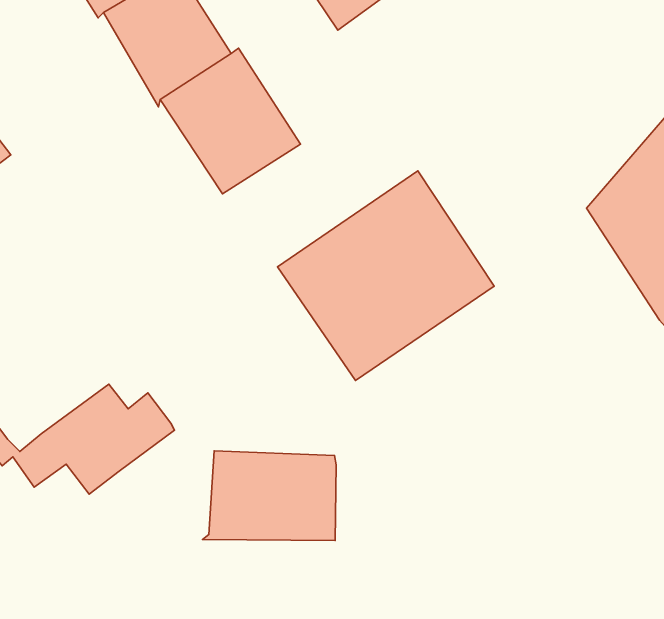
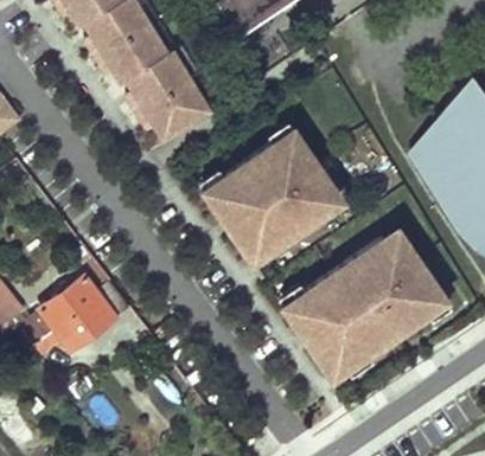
building: none -> [280,230,453,388]
building: [202,451,336,541] -> none

